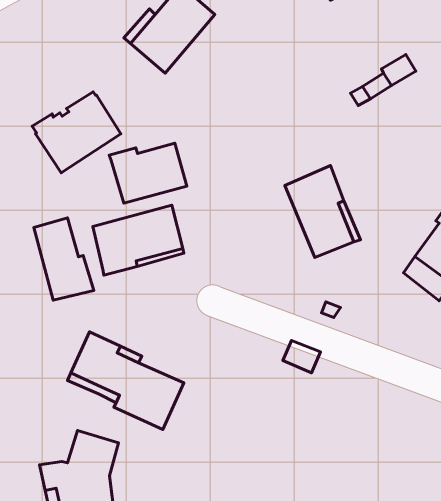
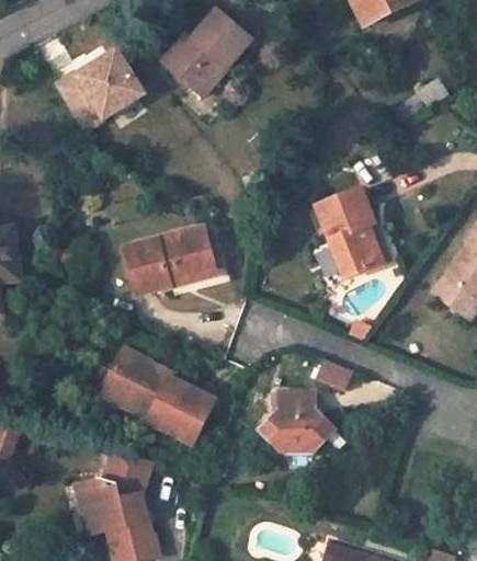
building: [32,92,121,173] -> [52,47,139,127]
building: [109,143,187,203] -> none
building: [34,218,94,300] -> none
building: none -> [259,394,336,456]

